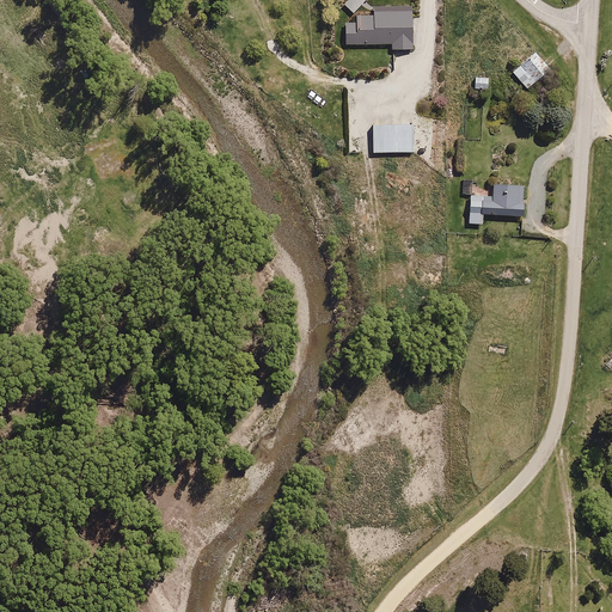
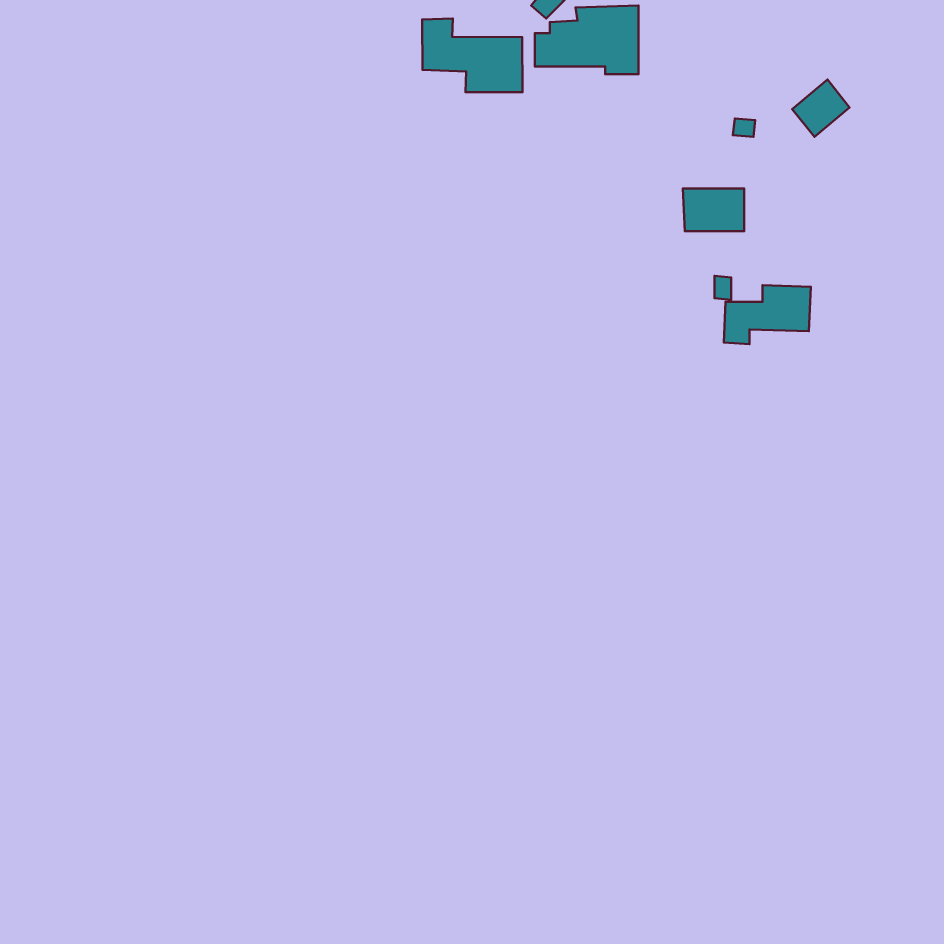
building: none -> [422,19,522,92]
building: [373,124,412,152] -> [683,189,744,231]

